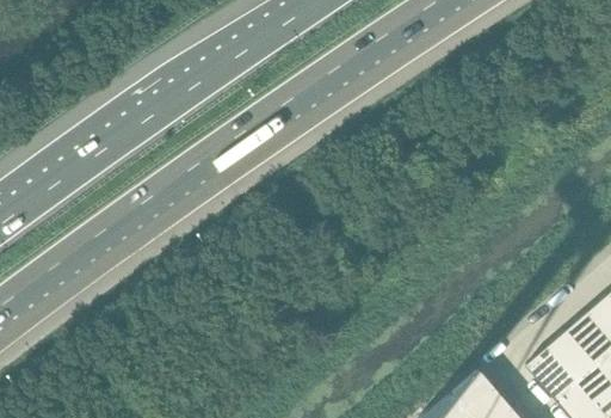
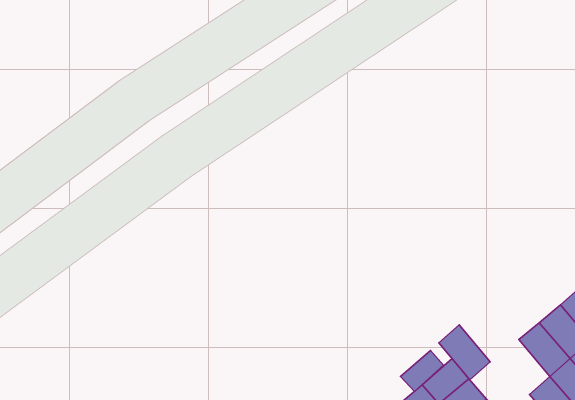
building: [526,349,578,404] -> [439,325,490,380]
building: none -> [400,350,443,391]

